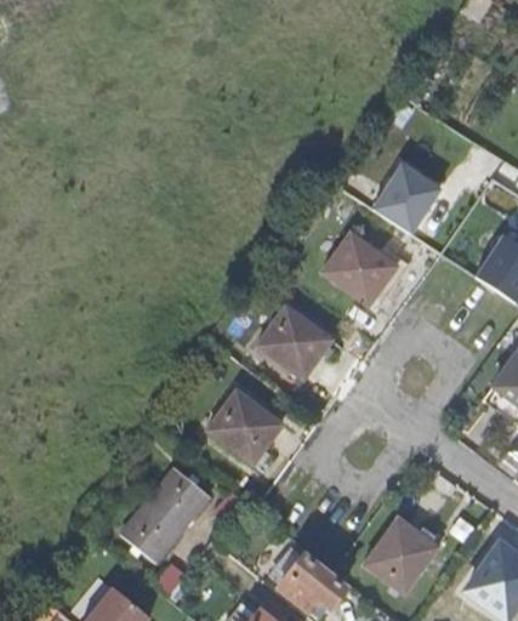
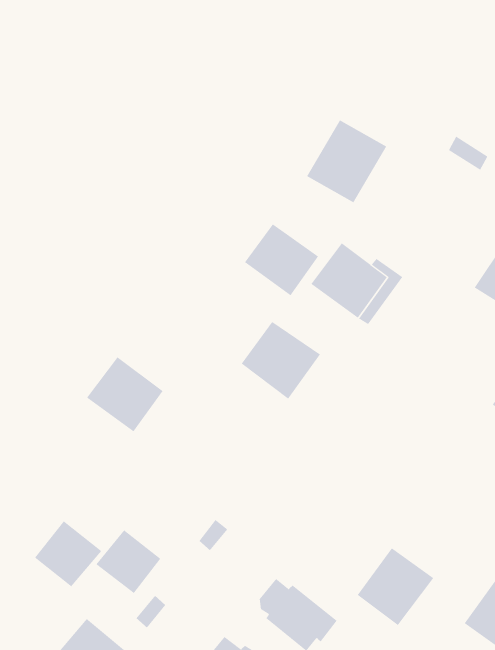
building: [370,153,446,232] -> [306,120,387,203]
building: none -> [244,224,319,296]
building: [204,391,277,462] -> [86,356,164,432]
building: [146,467,210,530] -> [34,520,102,587]

